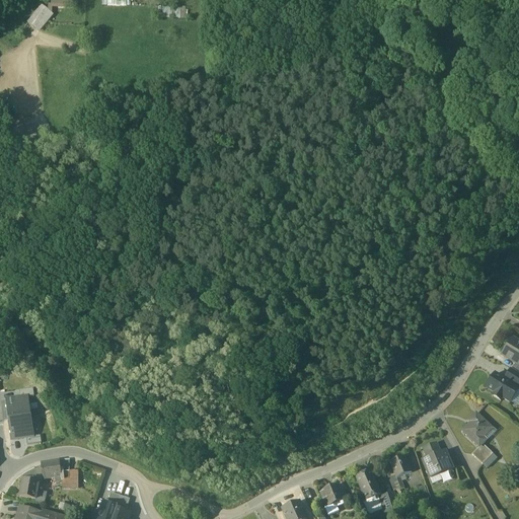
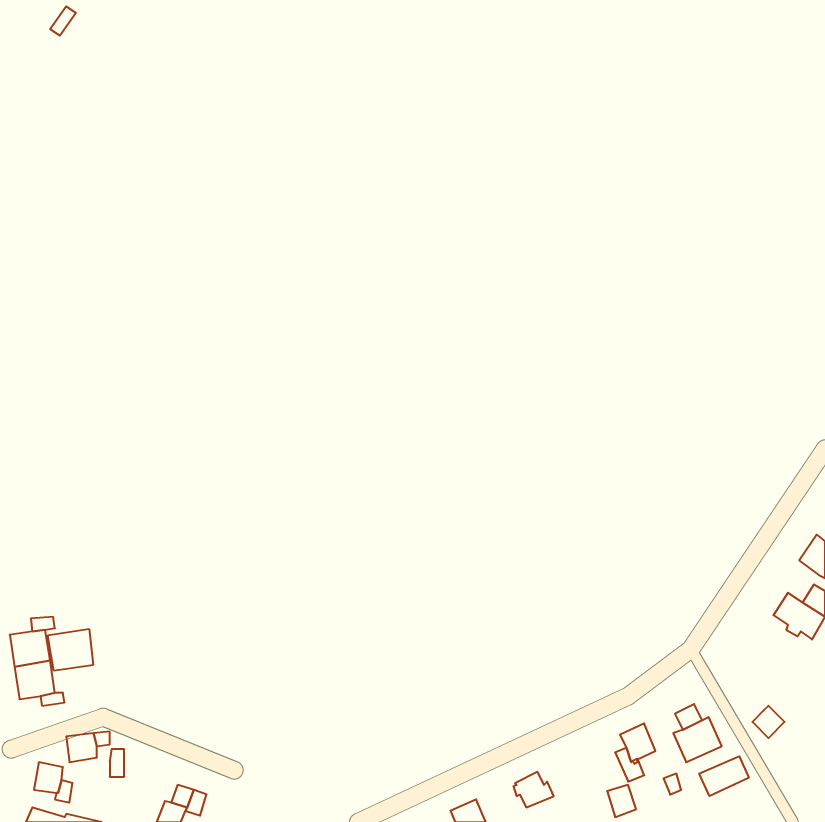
building: none -> [48,629,93,671]
building: [462,412,492,446] -> none
building: [356,469,383,501] -> none
building: none -> [699,756,749,796]

